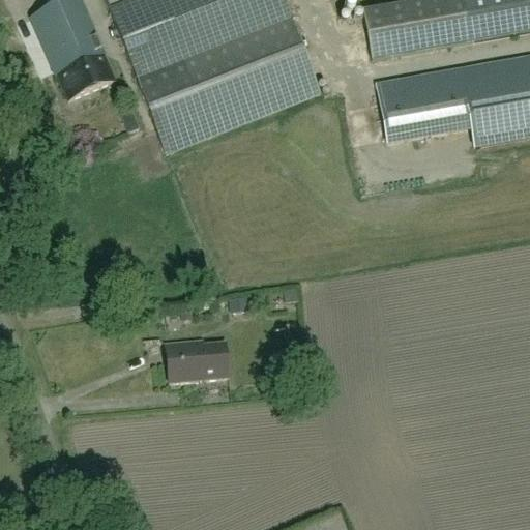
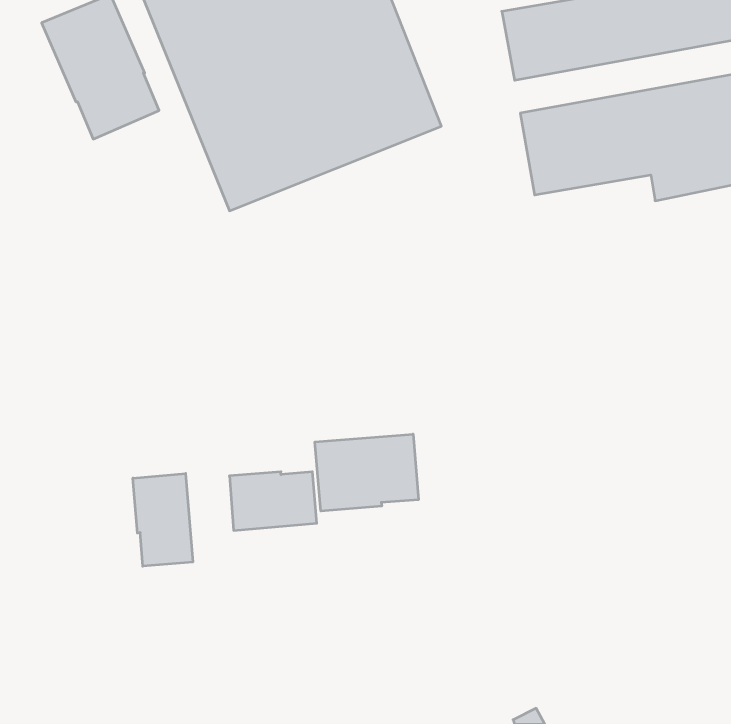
building: none -> [315,434,418,511]
building: none -> [133,473,193,566]

